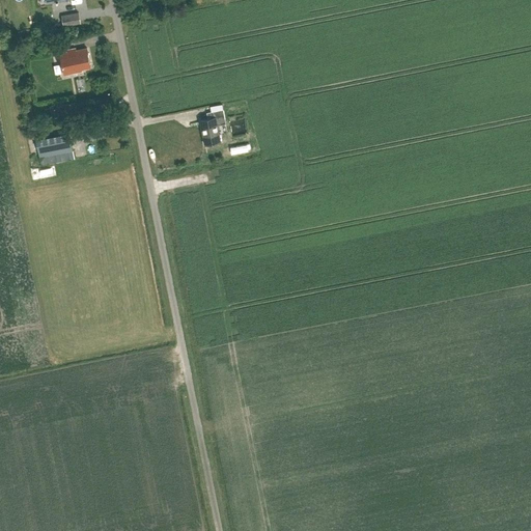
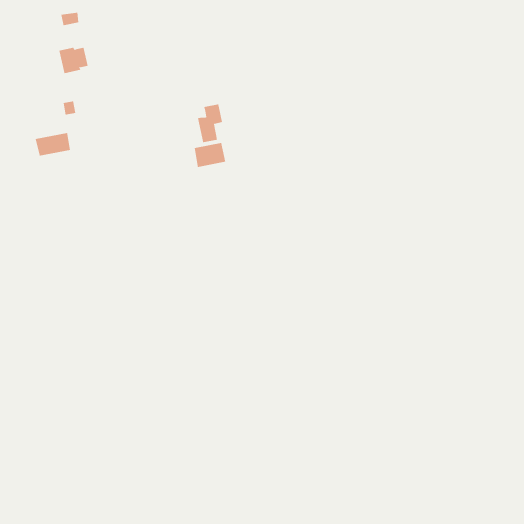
building: none -> [194,142,226,168]

